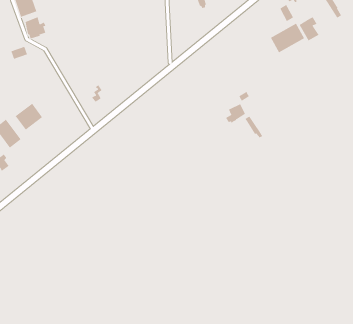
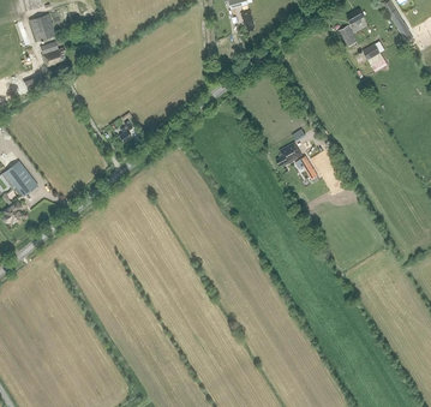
building: [270,23,305,53] -> none
building: [15,103,43,131] -> none

